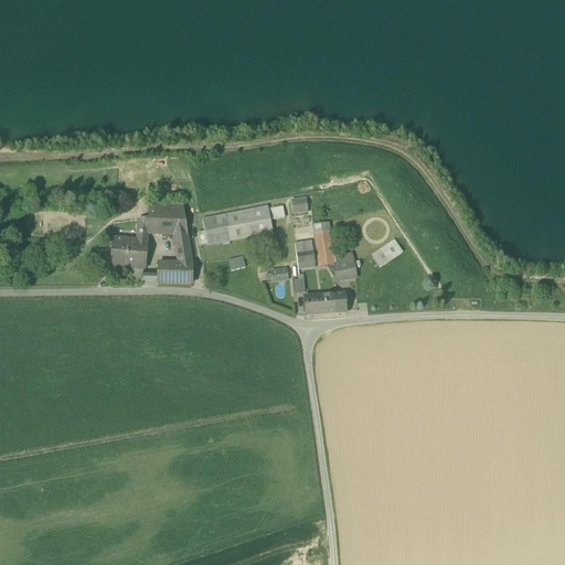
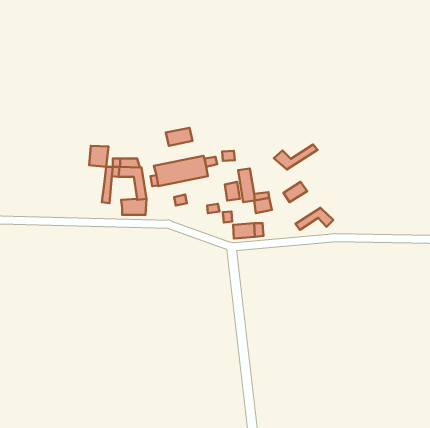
building: none -> [166,128,192,146]
building: none -> [274,144,318,169]
building: [111,237,137,265] -> [89,146,109,167]
building: none -> [295,208,333,230]

